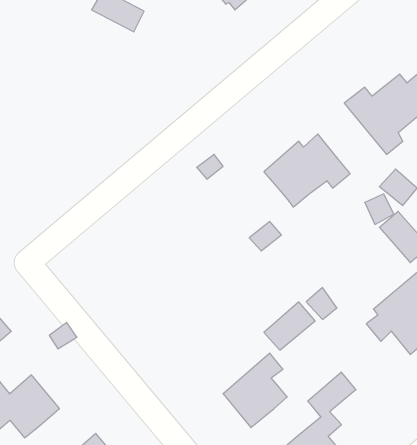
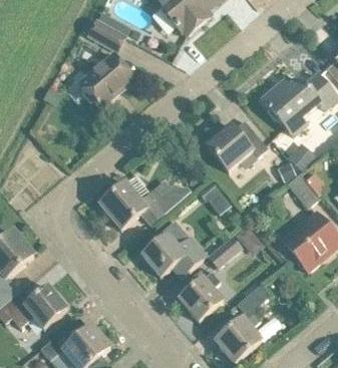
building: none -> [78,53,134,107]
building: none -> [99,174,178,229]
building: none -> [141,220,205,280]

